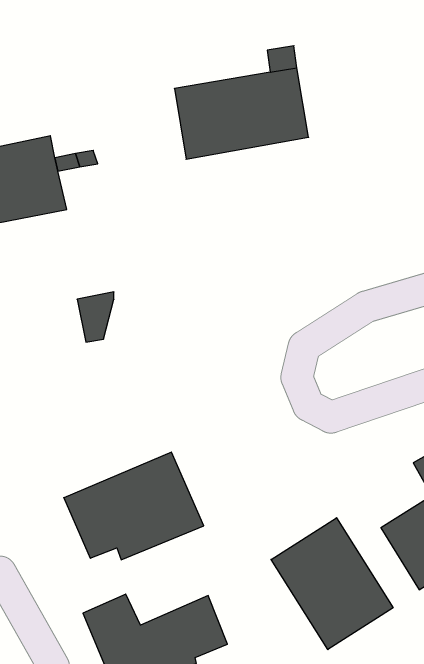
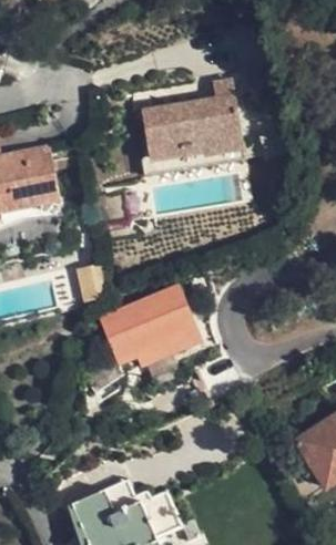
building: [64,452,204,560] -> [98,285,203,366]
building: [271,518,393,650] -> none

